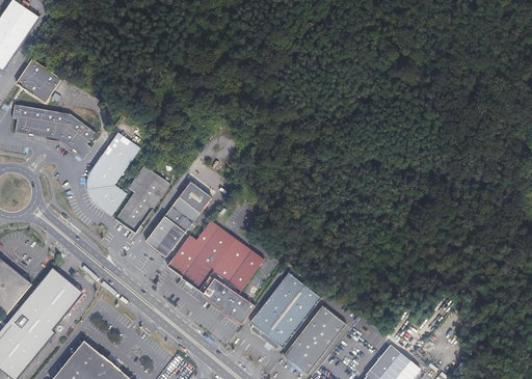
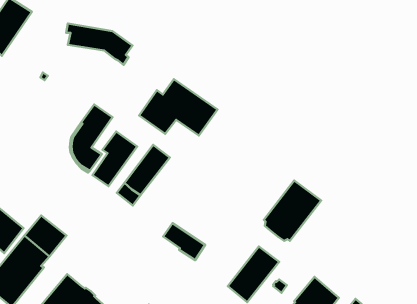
building: [16,58,61,102] -> none
building: [12,104,95,155] -> [66,24,133,65]
building: [167,220,264,290] -> [139,79,217,136]
building: [250,273,321,348] -> [264,180,321,241]

